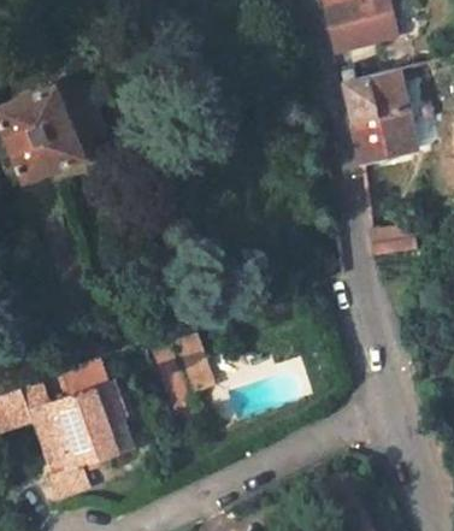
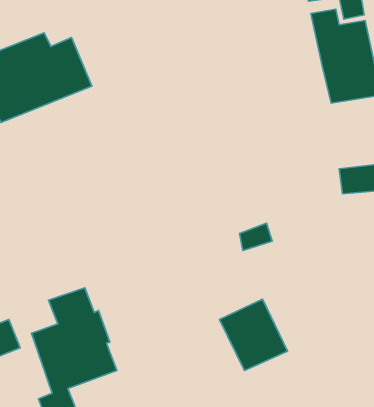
building: [146,328,218,403] -> [220,299,288,371]
building: [19,380,65,474] -> none

